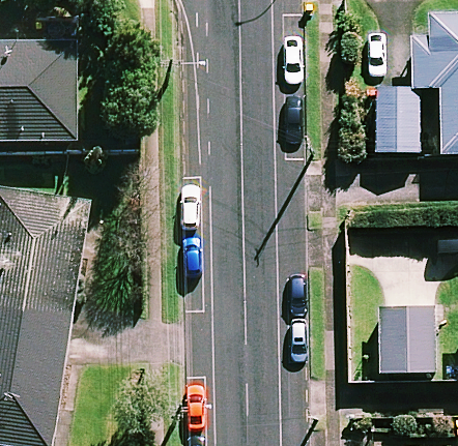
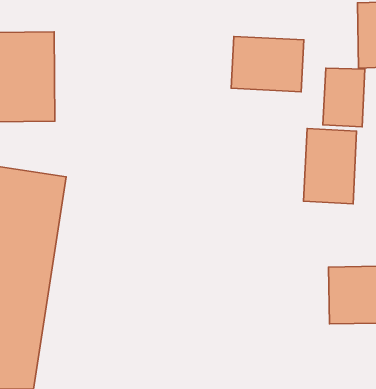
building: none -> [231,36,304,92]
building: none -> [304,129,357,204]

